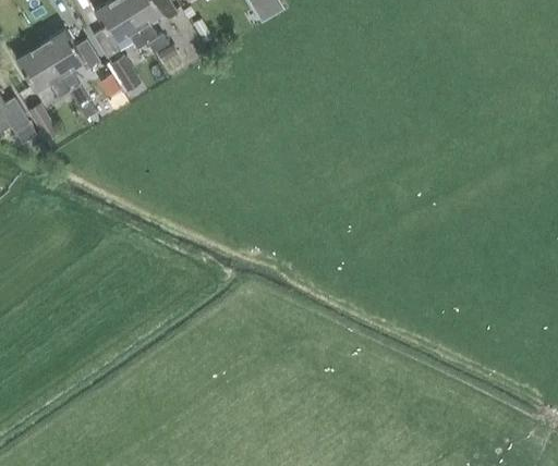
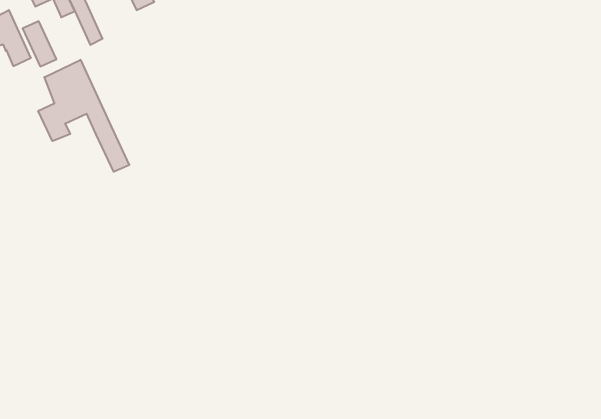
building: none -> [38,60,129,172]

